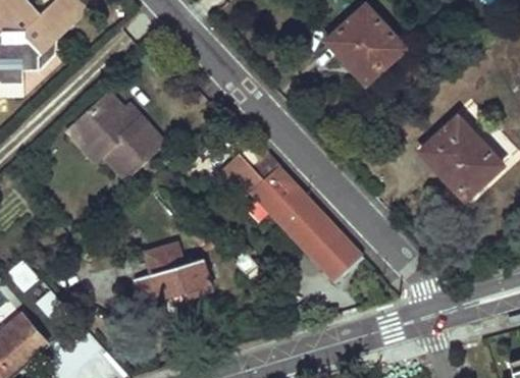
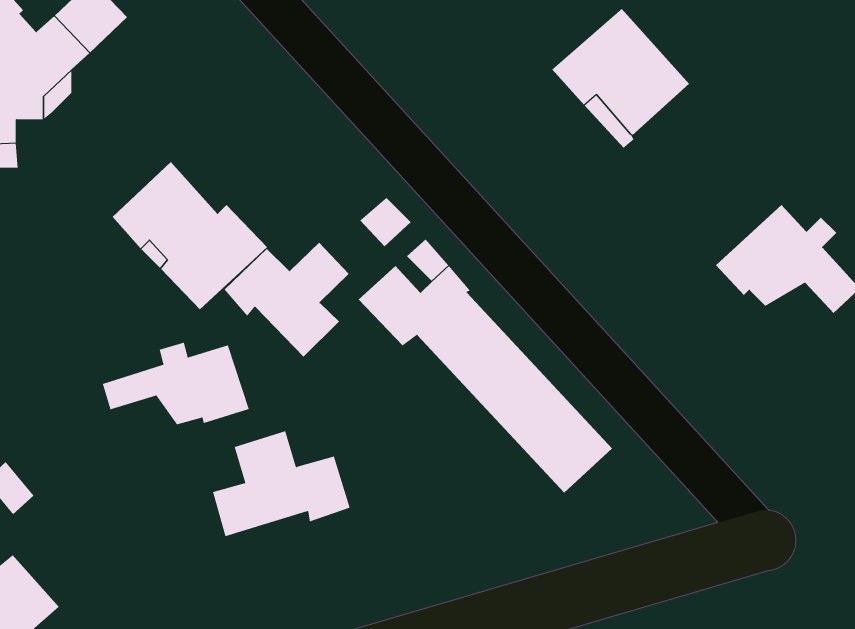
building: none -> [224,242,350,358]
building: [436,162,487,200] -> none
building: none -> [102,342,249,425]

